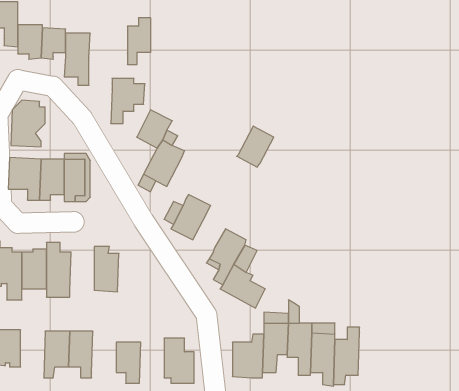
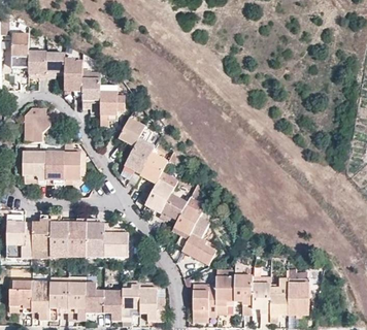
building: [127,18,151,64] -> [81,70,99,105]
building: [237,126,274,167] -> [139,152,167,183]
building: none -> [158,194,186,221]
building: none -> [67,219,86,252]
building: none -> [103,224,126,257]
building: none -> [30,282,48,318]
building: none -> [84,283,102,314]
building: none -> [285,284,305,317]
building: none -> [120,285,138,322]

